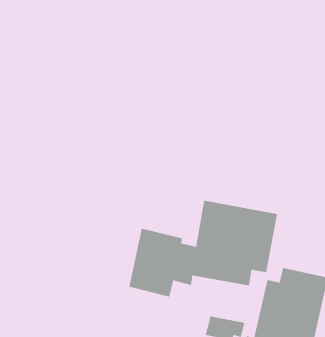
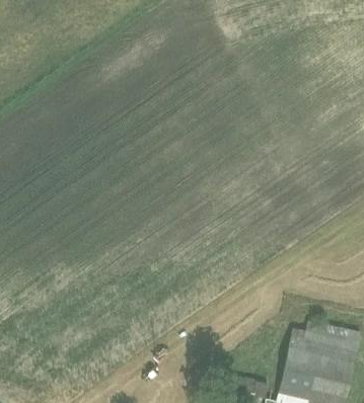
building: [129,200,277,297] -> none

